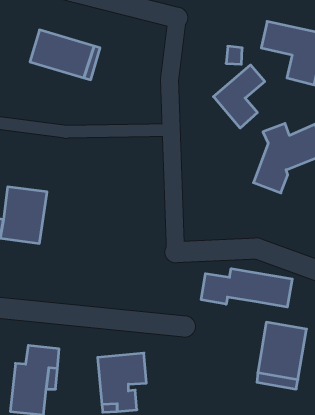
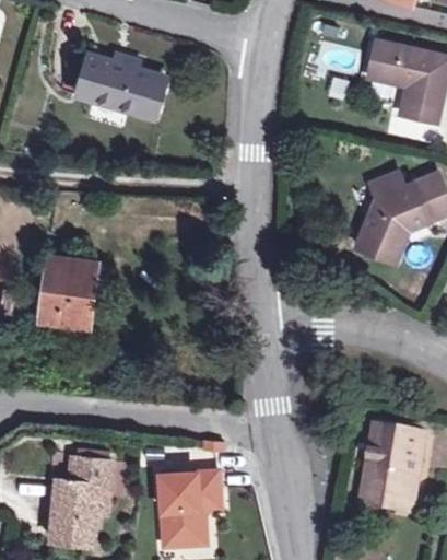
building: [213,65,265,128] -> none
building: [201,269,292,307] -> none

